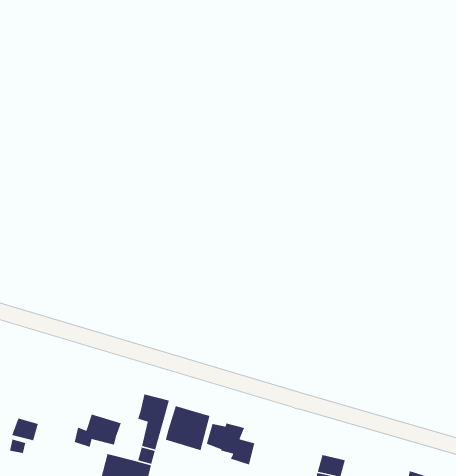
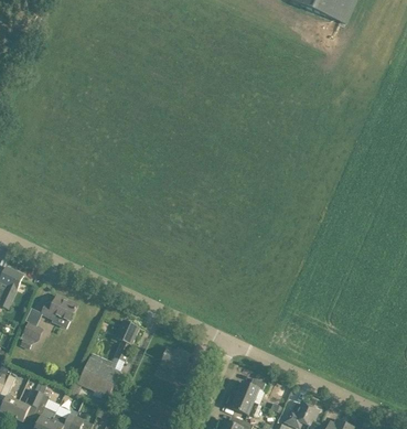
building: [165,405,210,451] -> none
building: [74,414,122,448] -> [41,294,77,320]

